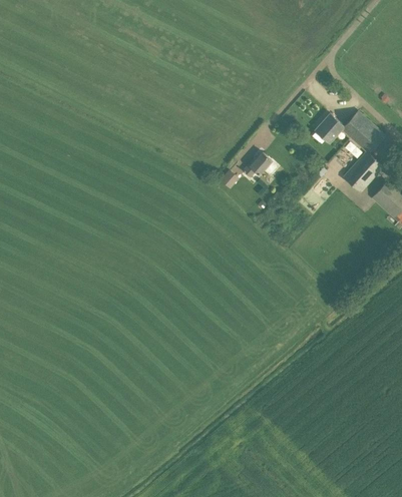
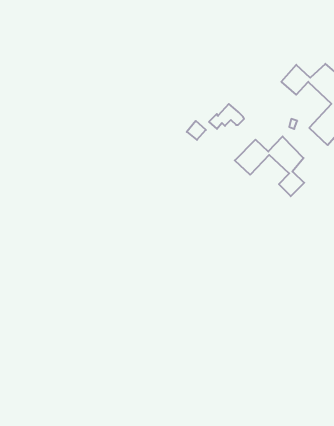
building: none -> [235,136,304,196]

